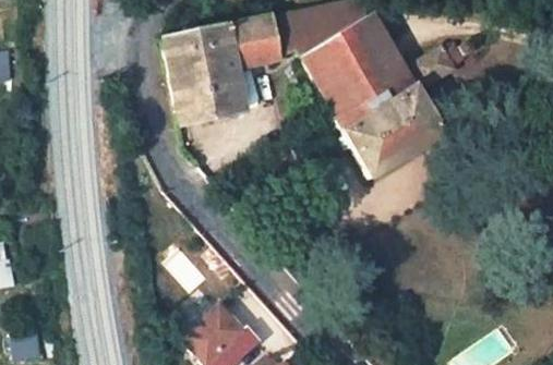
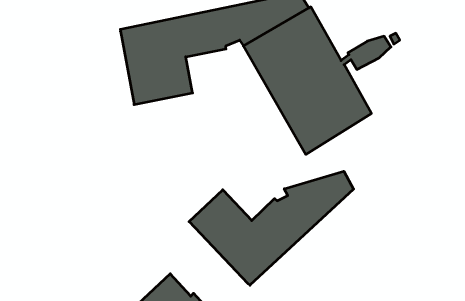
building: none -> [189,171,354,285]

